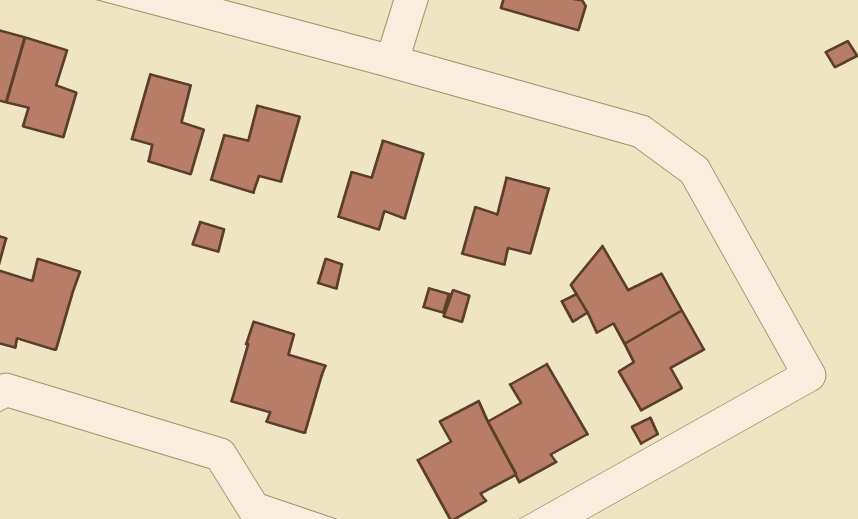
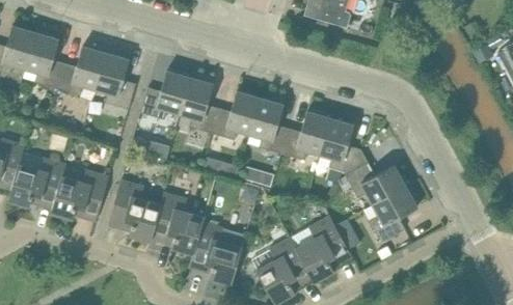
building: none -> [57,46,106,94]
building: none -> [180,77,219,133]
building: none -> [249,98,289,154]
building: none -> [320,117,360,171]
building: none -> [51,169,109,220]
building: none -> [108,179,161,242]
building: none -> [189,222,245,283]

